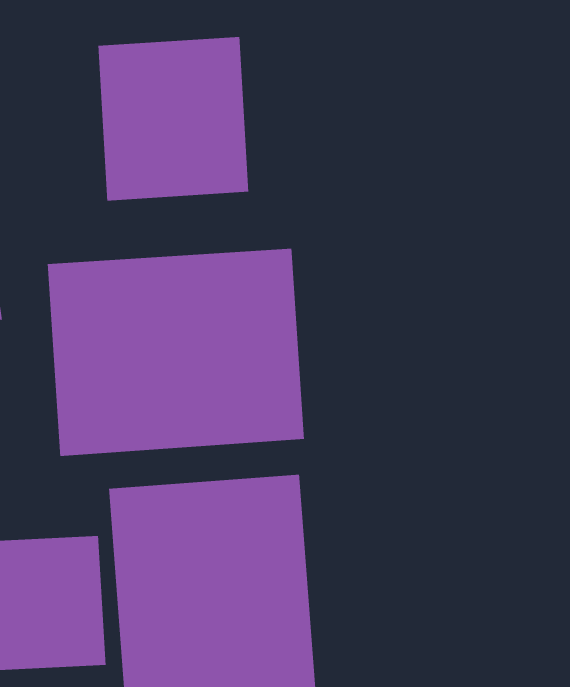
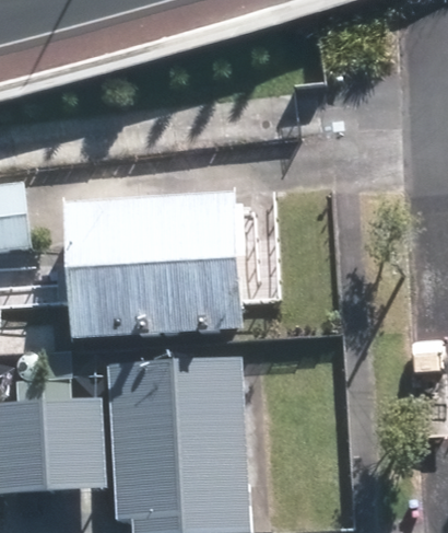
building: [98,36,249,201] -> none

